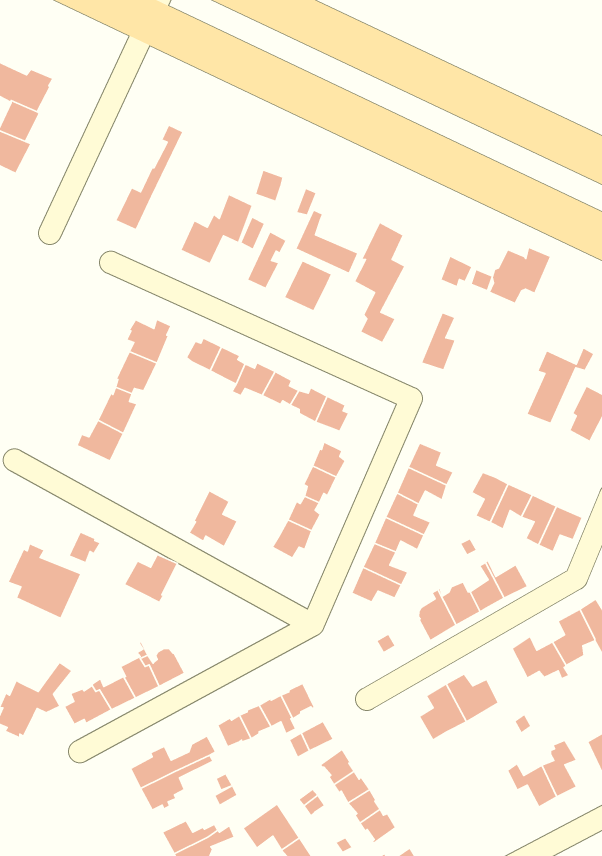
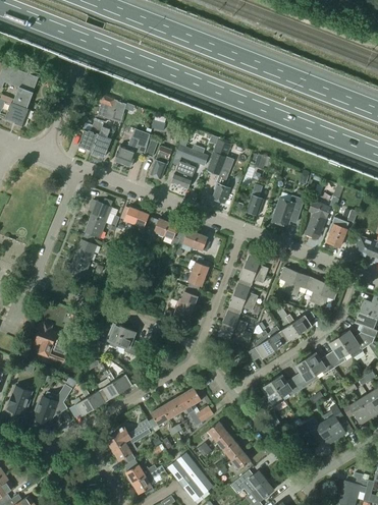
building: none -> [89,98,125,159]
building: [489,247,551,304] -> [272,195,304,226]
building: [189,490,238,547] -> [114,328,140,357]
building: none -> [292,360,317,392]

